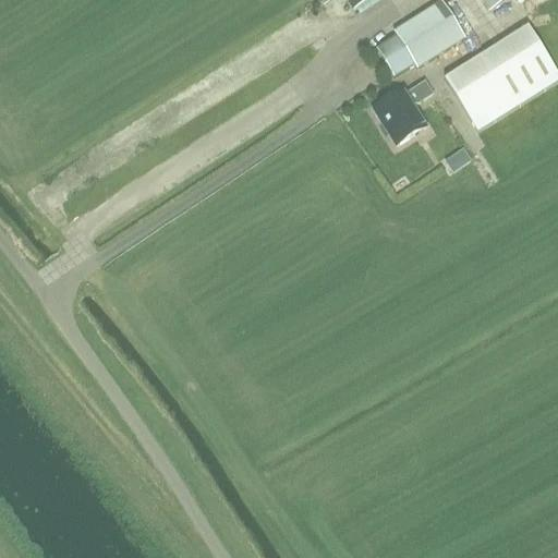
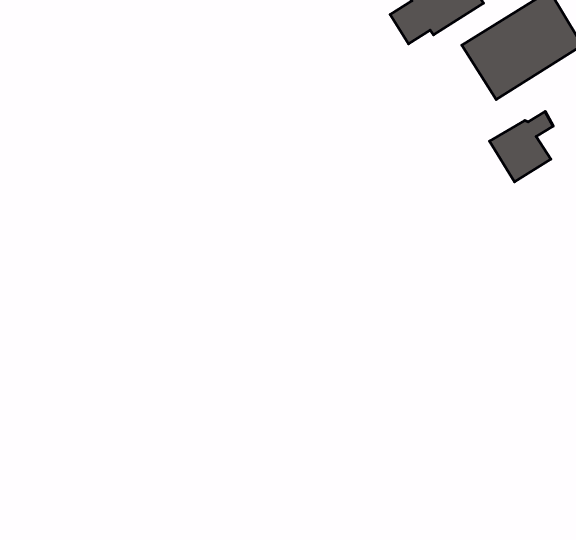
building: [372,77,433,145] -> [490,112,553,182]

